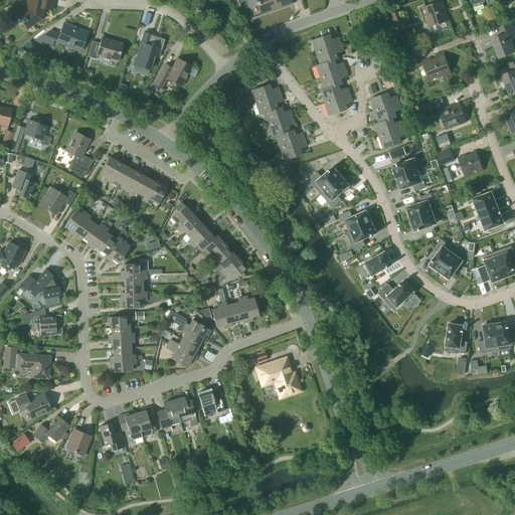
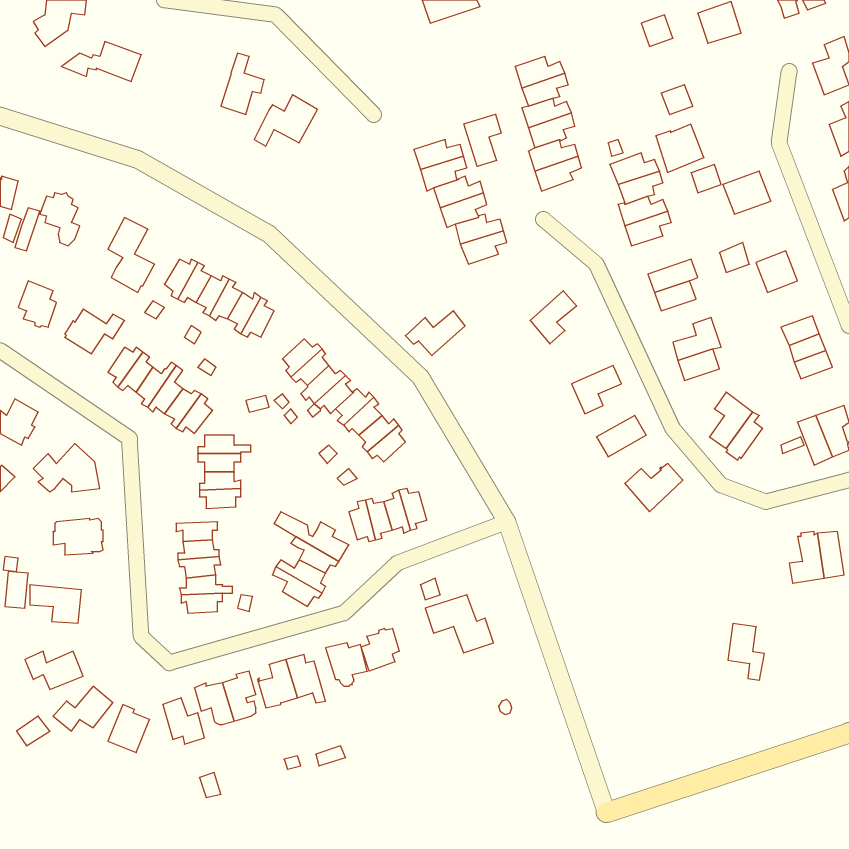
building: [88,37,123,61] -> none
building: [422,53,452,82] -> [656,124,704,172]
building: none -> [464,114,501,166]
building: [305,167,341,194] -> [405,311,465,356]
building: [339,210,371,232] -> none
building: [446,323,468,357] -> [728,624,764,680]
building: none -> [361,628,399,671]

